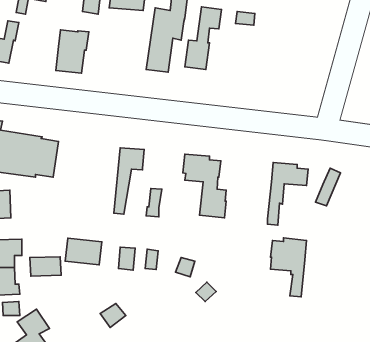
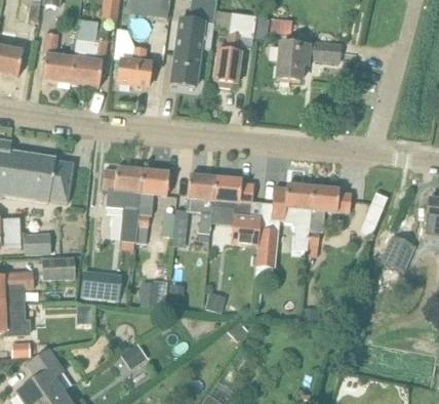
building: none -> [41,33,73,83]
building: none -> [276,41,340,80]
building: none -> [117,46,150,86]
building: none -> [102,166,142,242]
building: none -> [187,173,214,234]
building: none -> [257,229,278,267]
building: none -> [23,232,50,253]
building: none -> [380,235,412,271]
building: [271,238,307,297] -> [272,183,312,248]
building: [30,257,61,276] -> [40,257,75,279]

